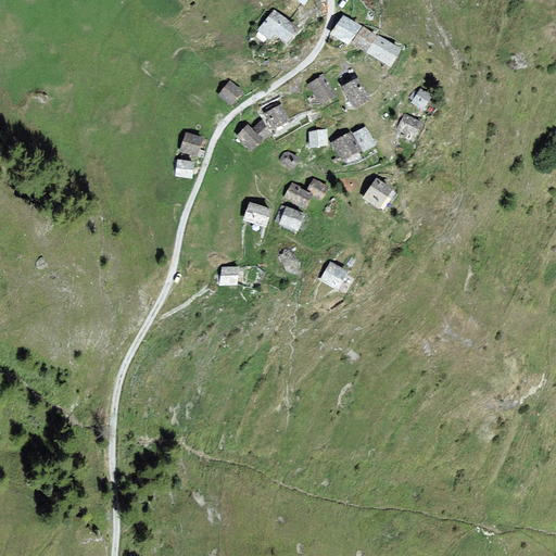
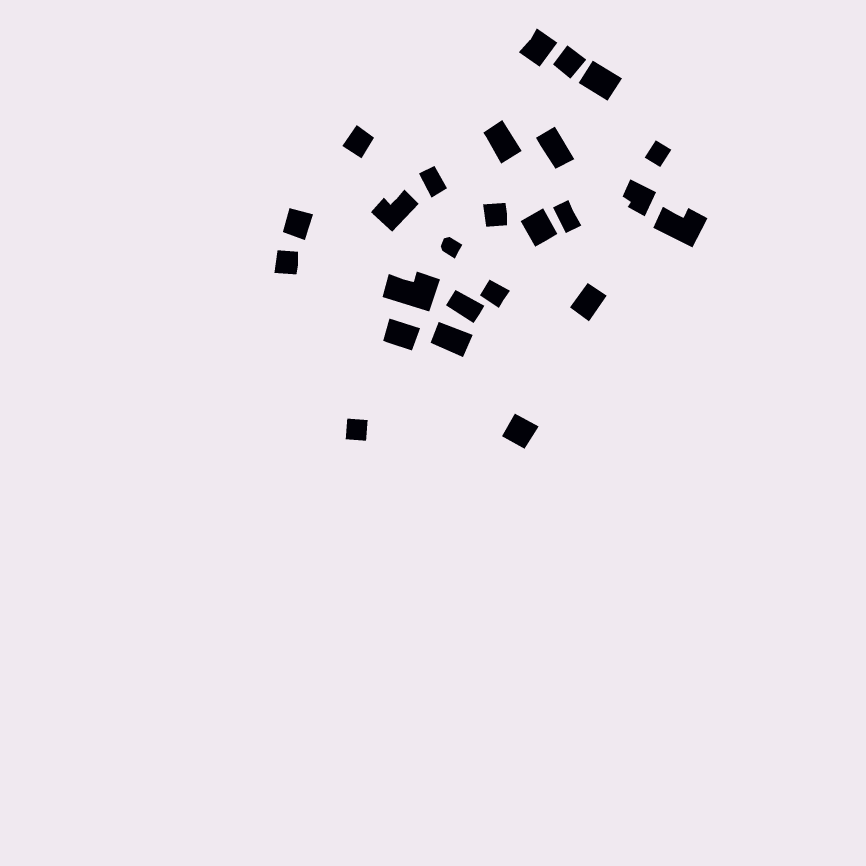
building: [258,10,294,39] -> none
building: none -> [652,206,709,249]
building: none -> [381,270,441,313]

